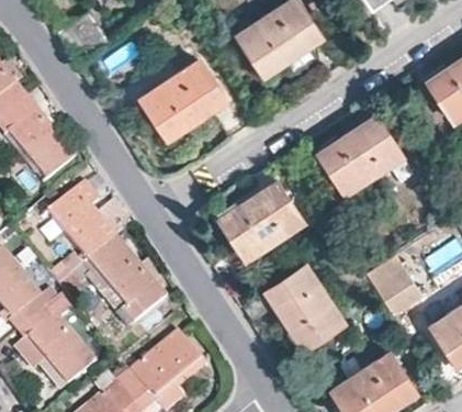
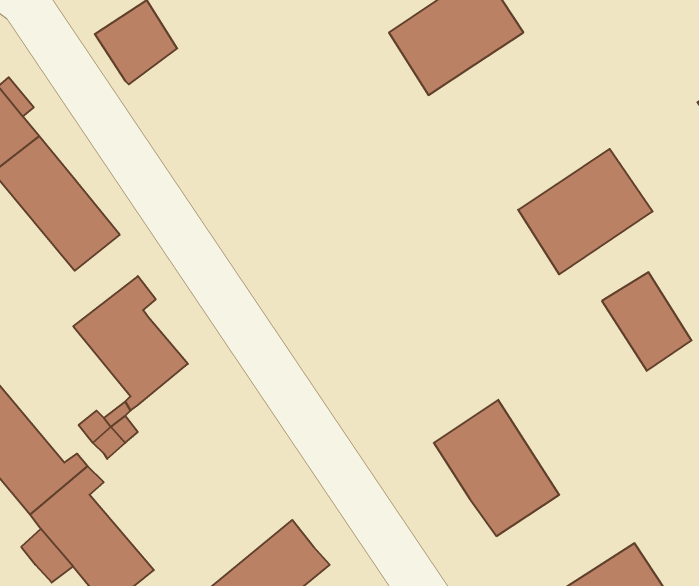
building: [139,62,224,141] -> none
building: [218,182,303,260] -> none
building: [86,238,167,324] -> none
building: [364,255,419,315] -> [602,272,692,371]

